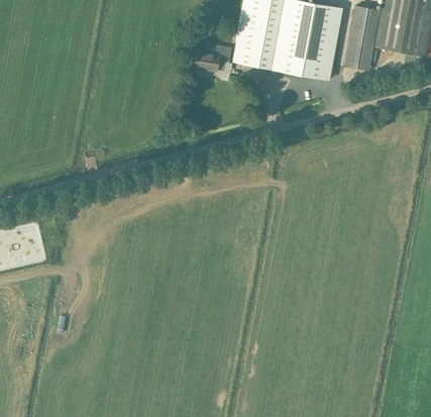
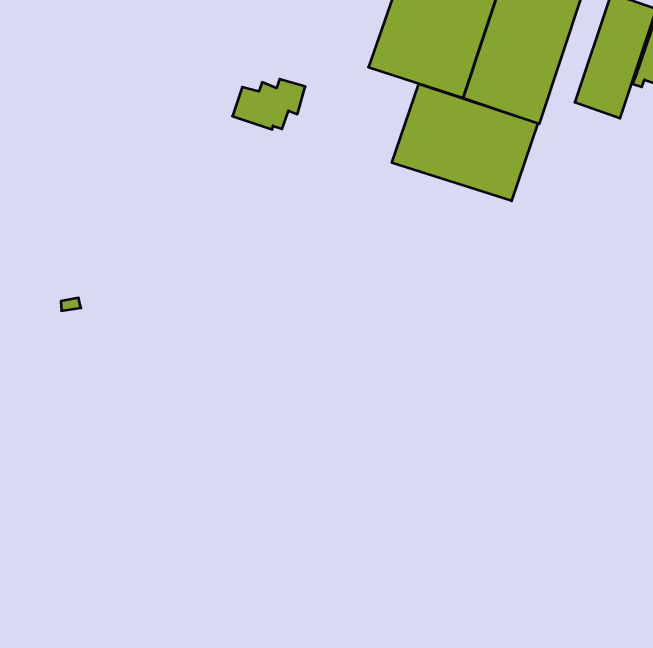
building: [196,45,232,73] -> [232,79,305,129]
building: none -> [392,84,538,201]

